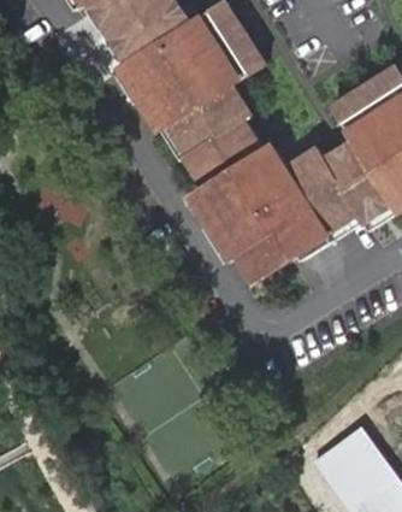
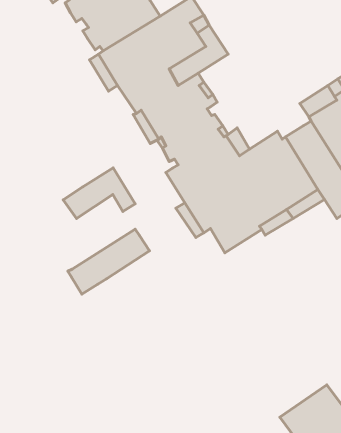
building: none -> [63,168,135,219]
building: none -> [68,229,150,294]

